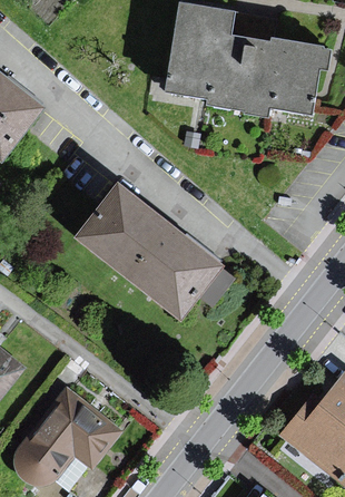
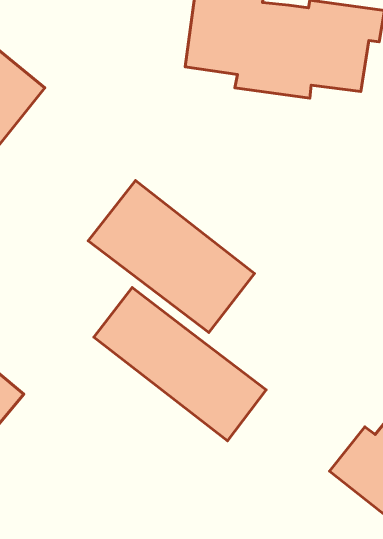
building: none -> [94,288,266,441]
building: [11,386,120,486] -> none

